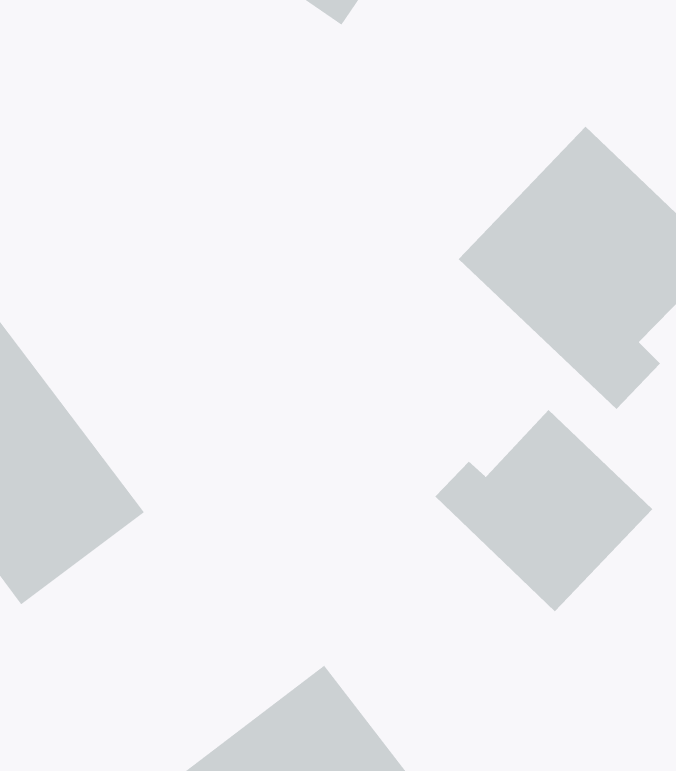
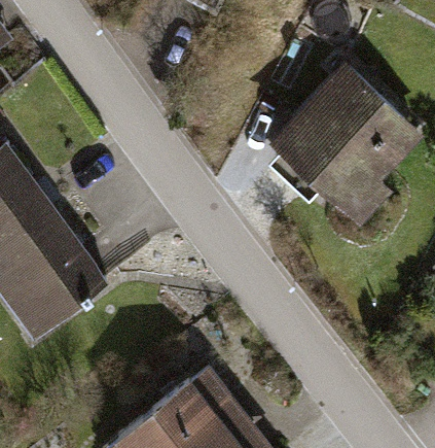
building: [435,409,653,612] -> none

